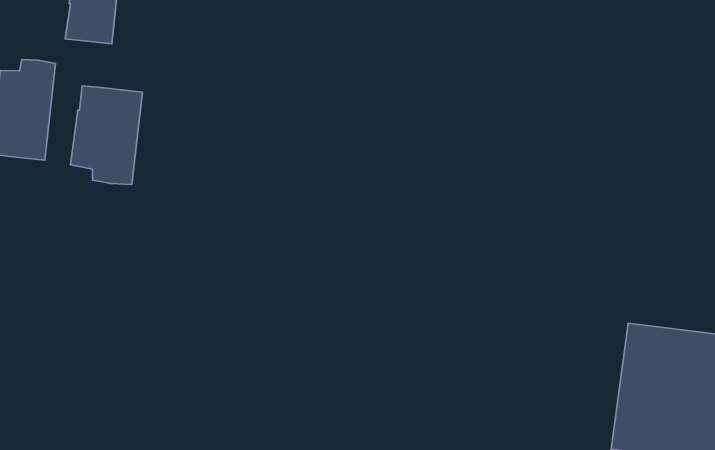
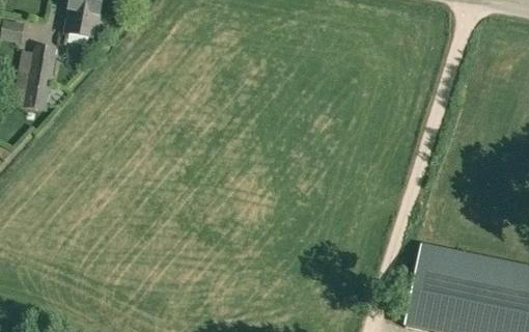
building: [71,86,142,185] -> none

